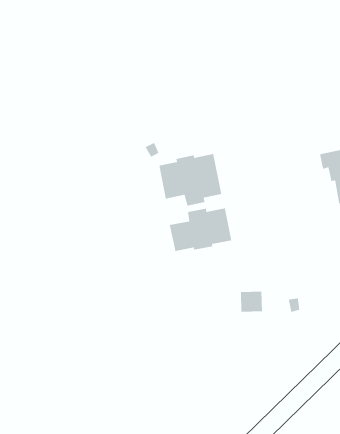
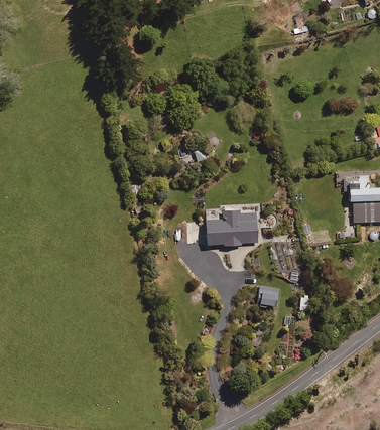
building: [158,153,222,207] -> none

